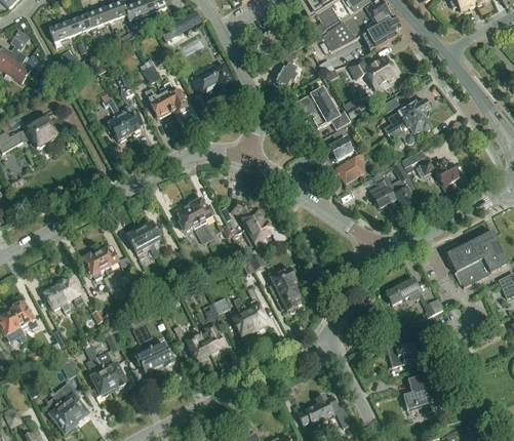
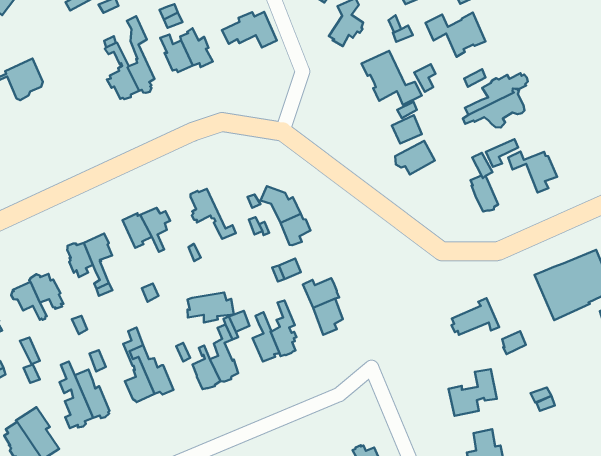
building: [369,170,397,207] -> none
building: [189,197,213,235] -> none
building: none -> [187,292,234,323]

